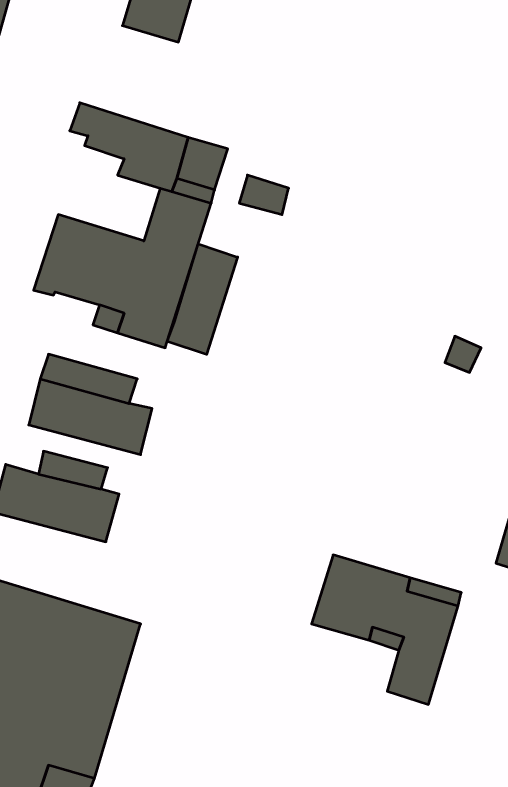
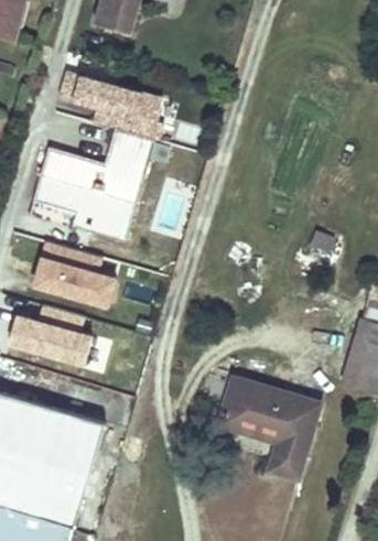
building: [167,244,238,354] -> none

